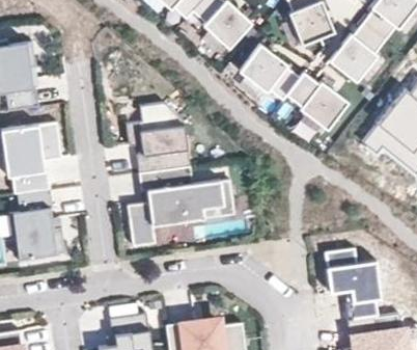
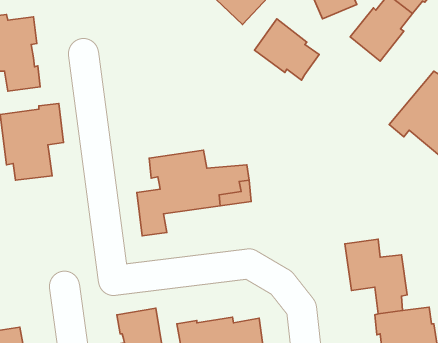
building: [284,72,346,131] -> none
building: [126,102,190,173] -> none
building: [6,190,62,262] -> none

